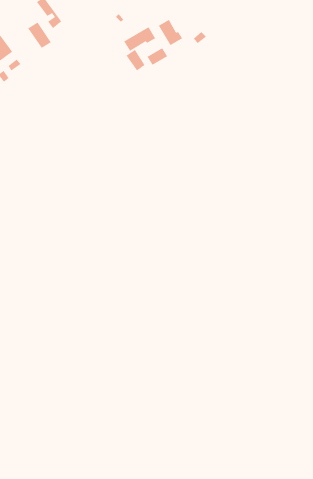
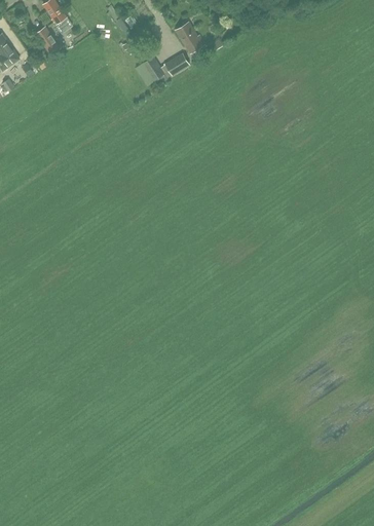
building: [123,26,156,52] -> none

